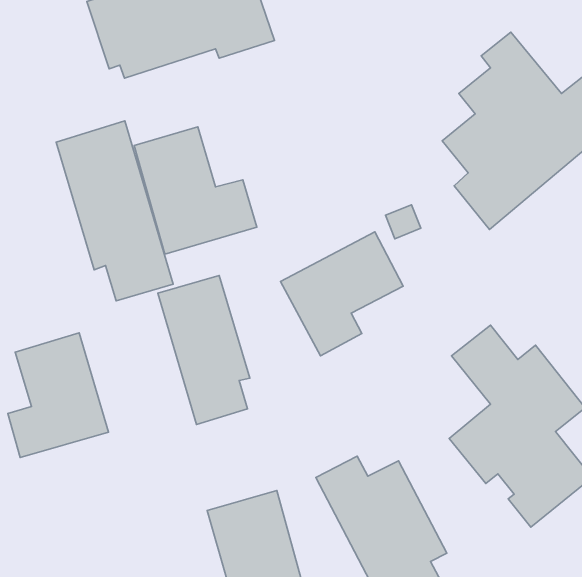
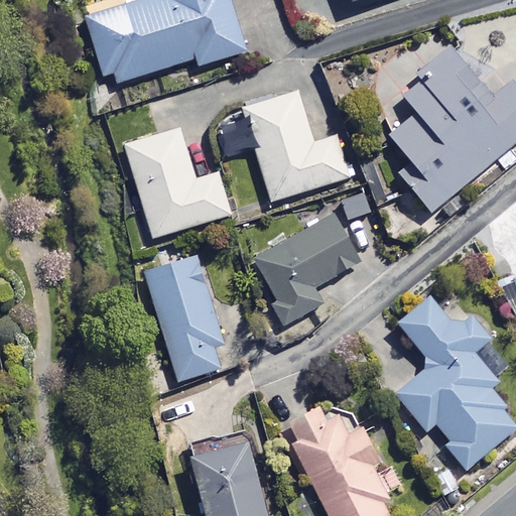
building: none -> [243,94,354,203]
building: [56,121,173,301] -> none
building: [8,333,109,457] -> none

